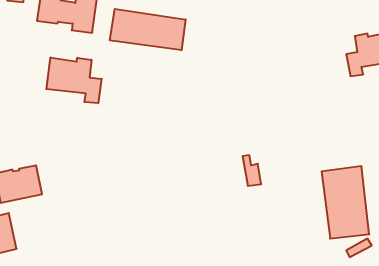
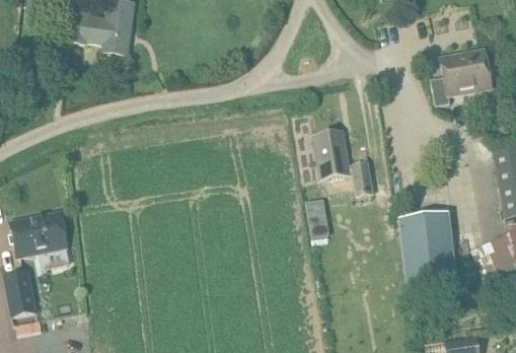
building: [110,9,186,50] -> none
building: [47,57,102,103] -> none
building: none -> [313,130,372,197]

